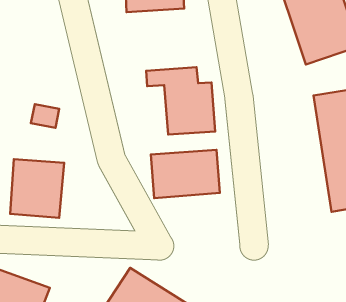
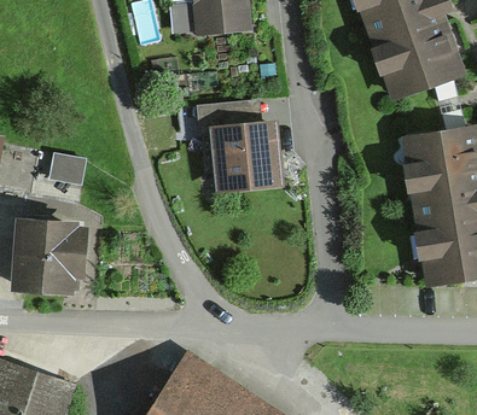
building: [151,150,220,198] -> none

